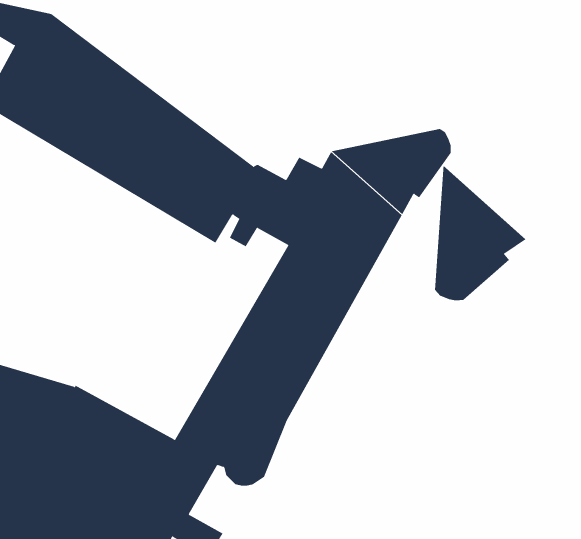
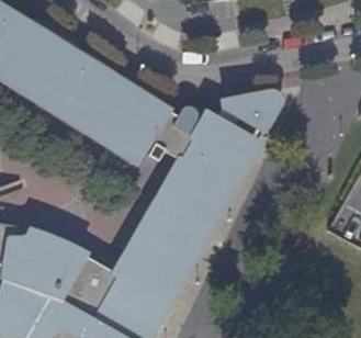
building: [435,165,526,301] -> none

